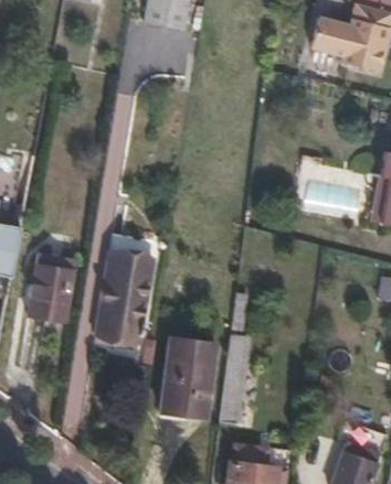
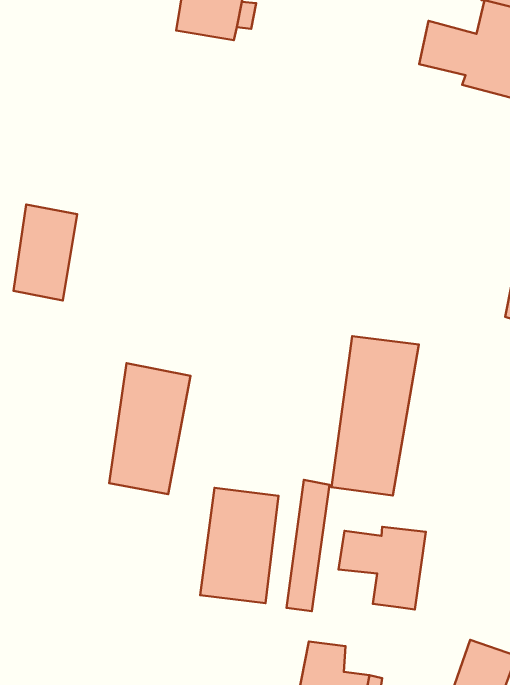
building: none -> [332,336,419,496]
building: [30,255,74,321] -> [13,205,77,301]
building: none -> [339,527,426,610]

